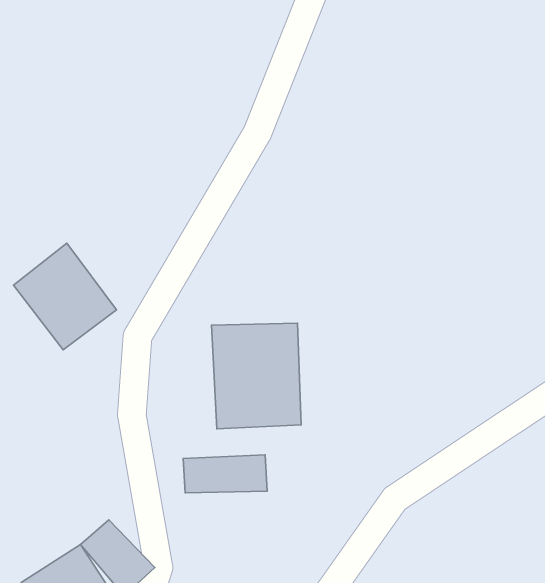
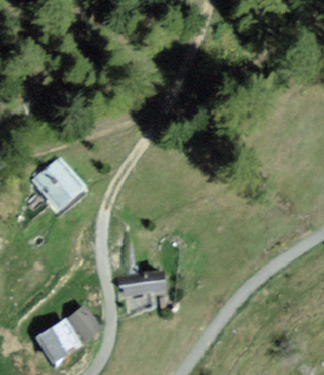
building: [211,323,301,429] -> none

